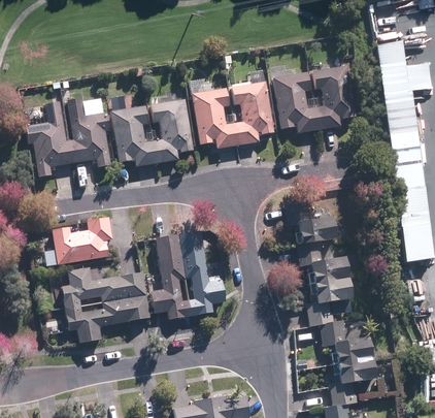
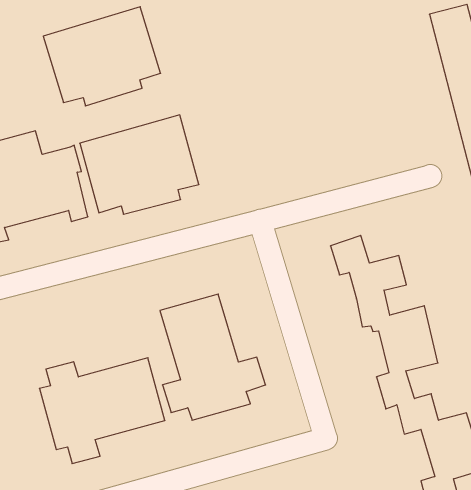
building: [273,66,355,131] -> none
building: [193,82,274,149] -> [43,7,161,106]
building: [55,221,113,262] -> none

